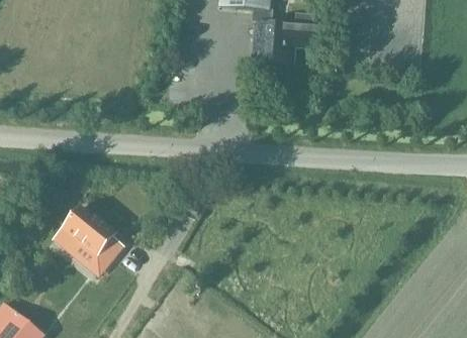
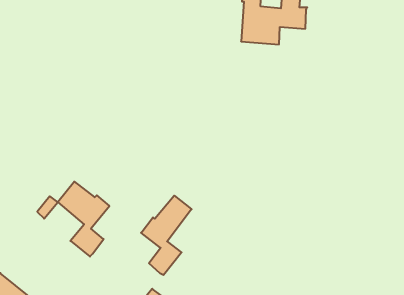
building: none -> [141,196,192,275]

